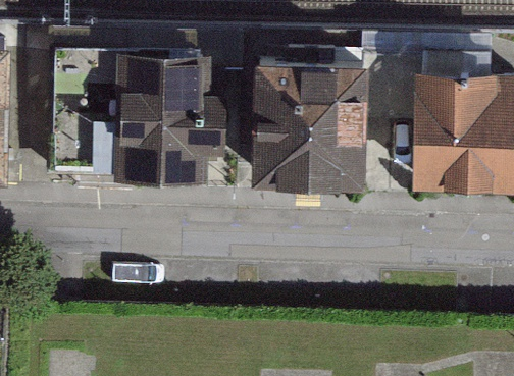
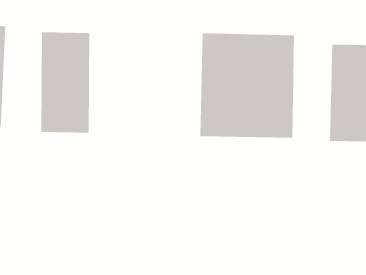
building: [113,55,211,180] -> none

